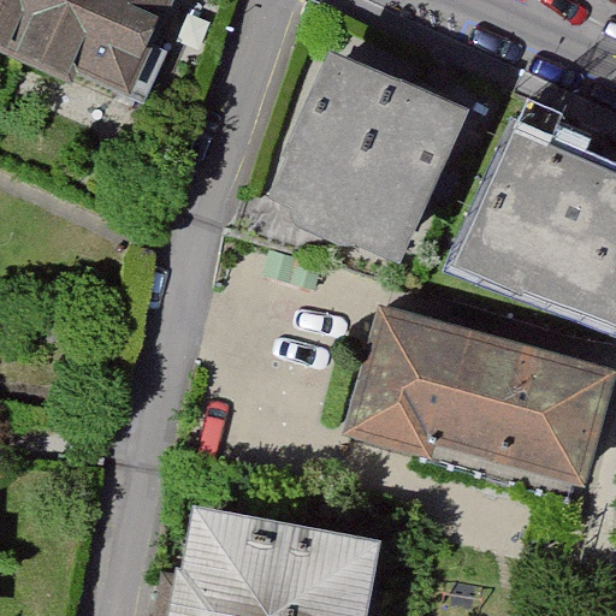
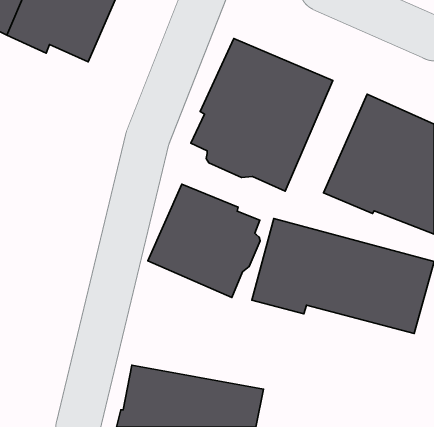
building: none -> [148,184,260,297]

